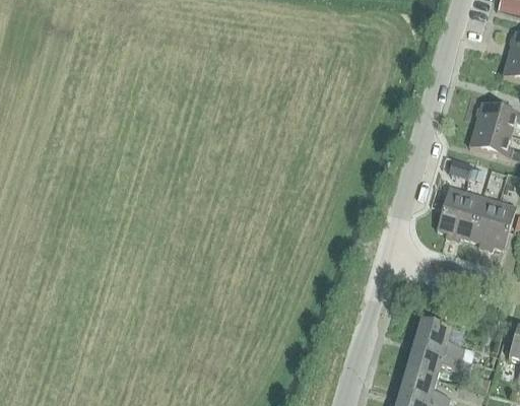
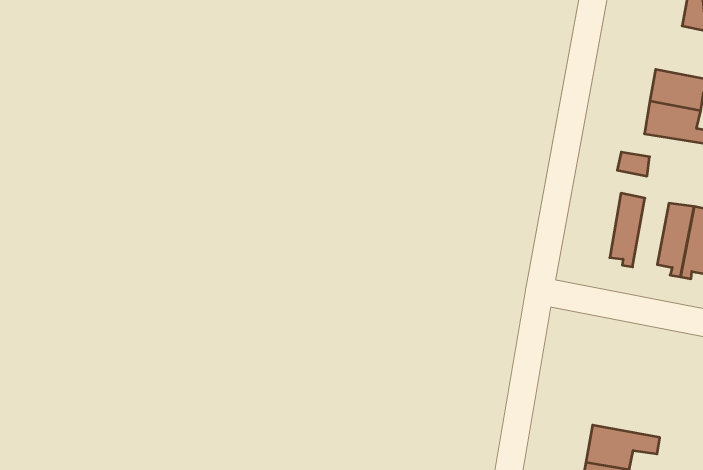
building: [452,191,481,240] -> none
building: [413,320,462,357] -> none

